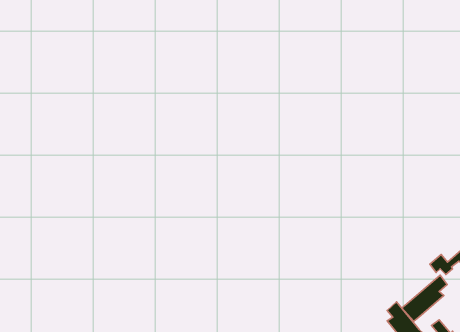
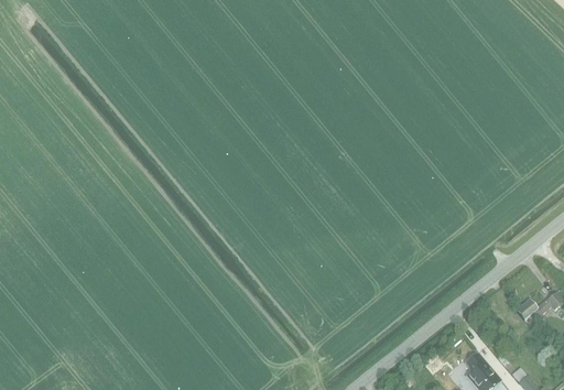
building: [402,275,447,321] -> none

